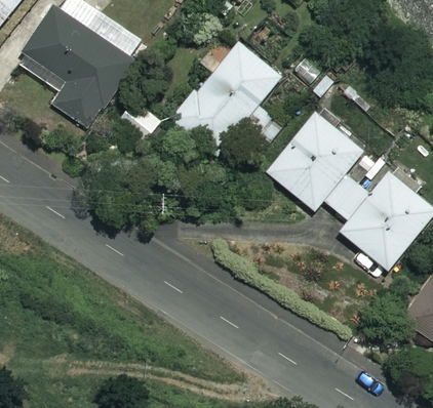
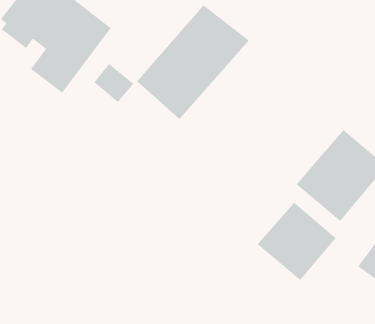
building: [266,111,367,217] -> none
building: none -> [257,202,336,281]

